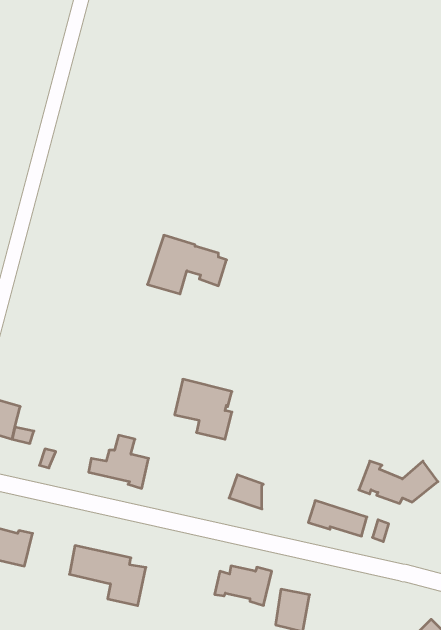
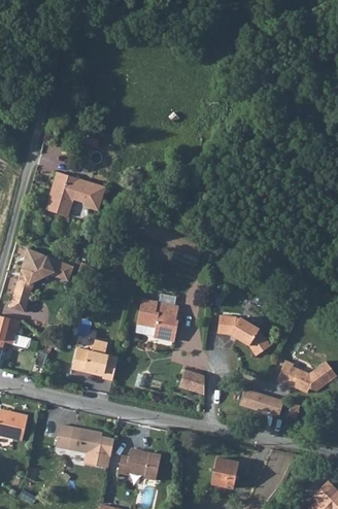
building: [147,235,227,294] -> [44,171,104,215]
building: none -> [9,256,74,311]
building: none -> [216,317,268,358]
building: [215,566,272,605] -> [117,451,161,481]

